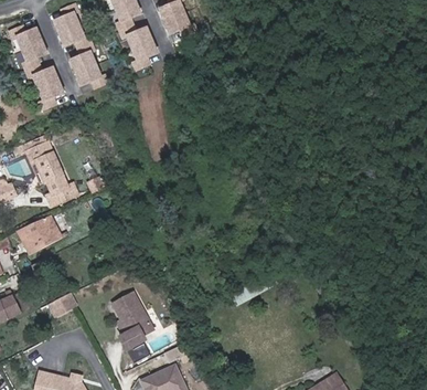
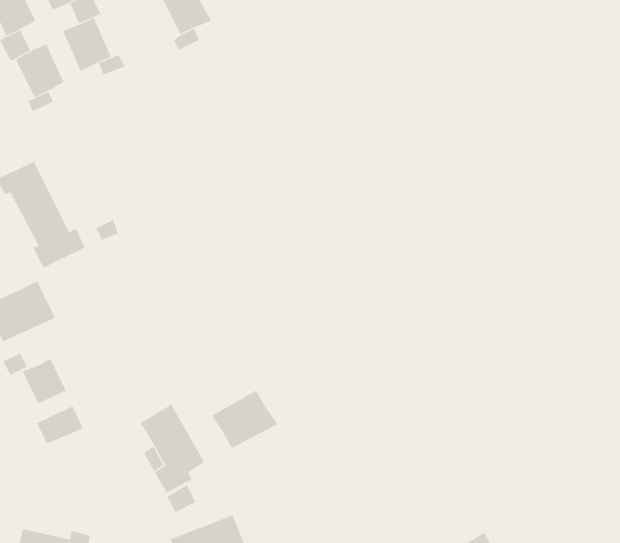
building: none -> [22,358,66,404]
building: none -> [212,390,278,449]

